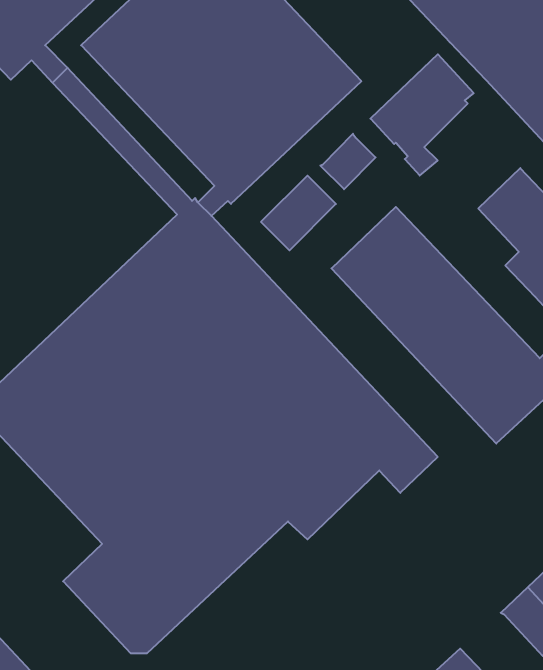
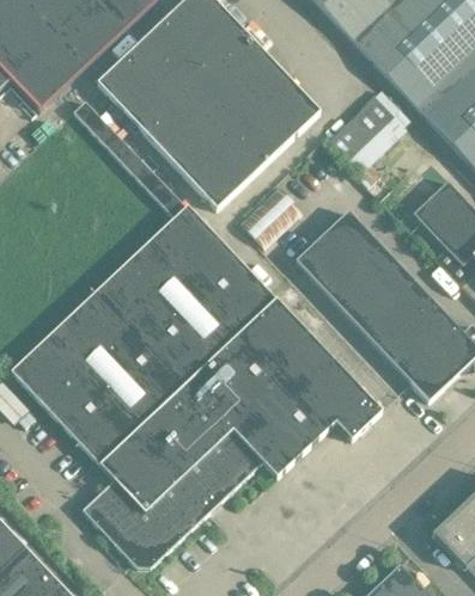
building: [320,134,376,189] -> none

